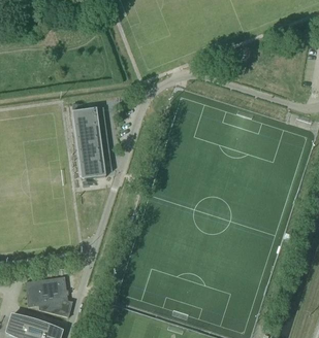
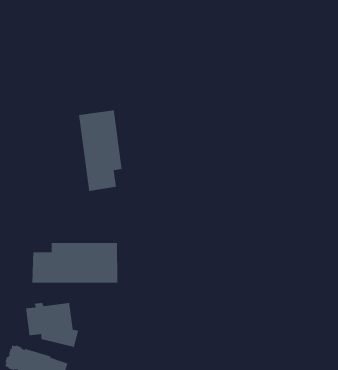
building: none -> [31,242,118,283]

